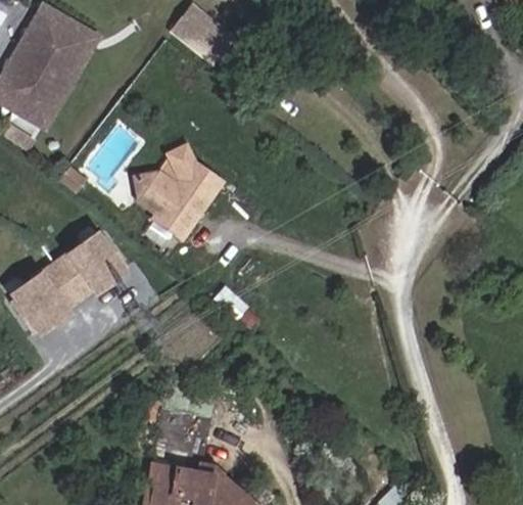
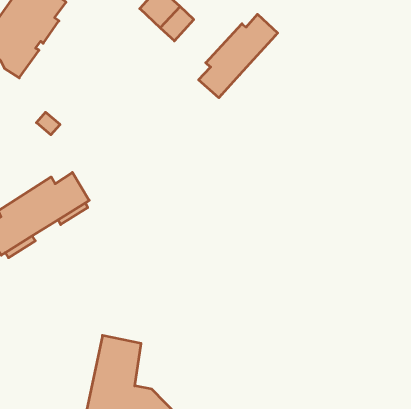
building: none -> [199,14,278,98]
building: [138,146,225,236] -> none

